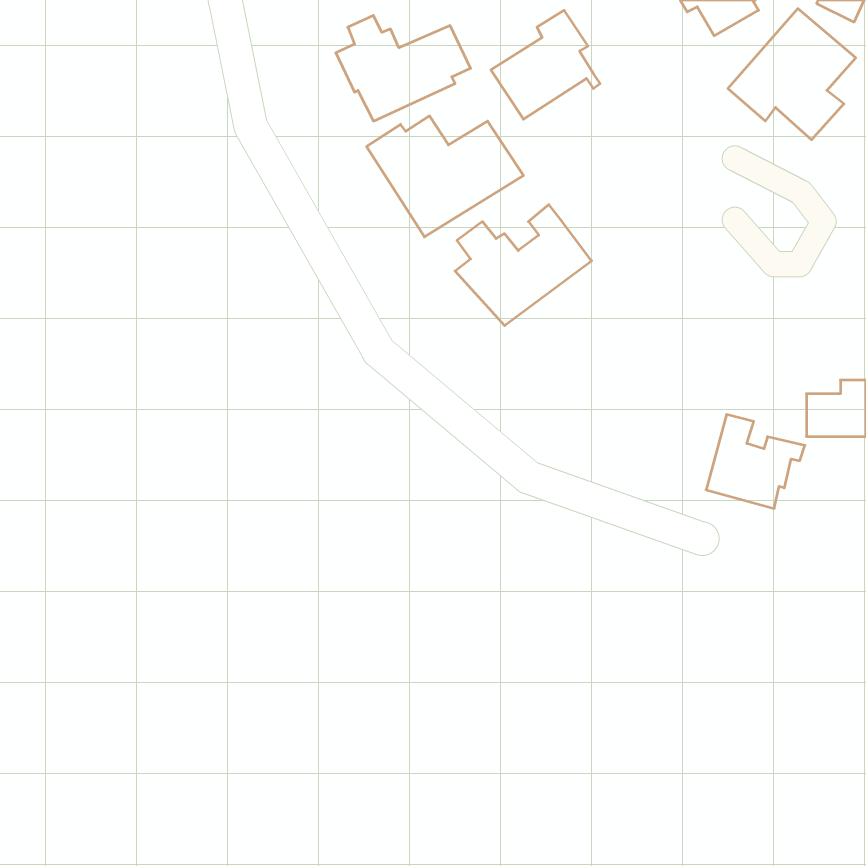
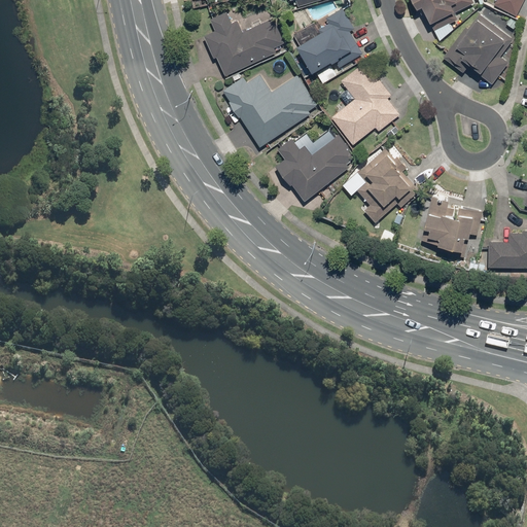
building: none -> [331,62,398,144]
building: none -> [344,149,415,221]
building: [706,415,805,508] -> [422,195,482,251]

